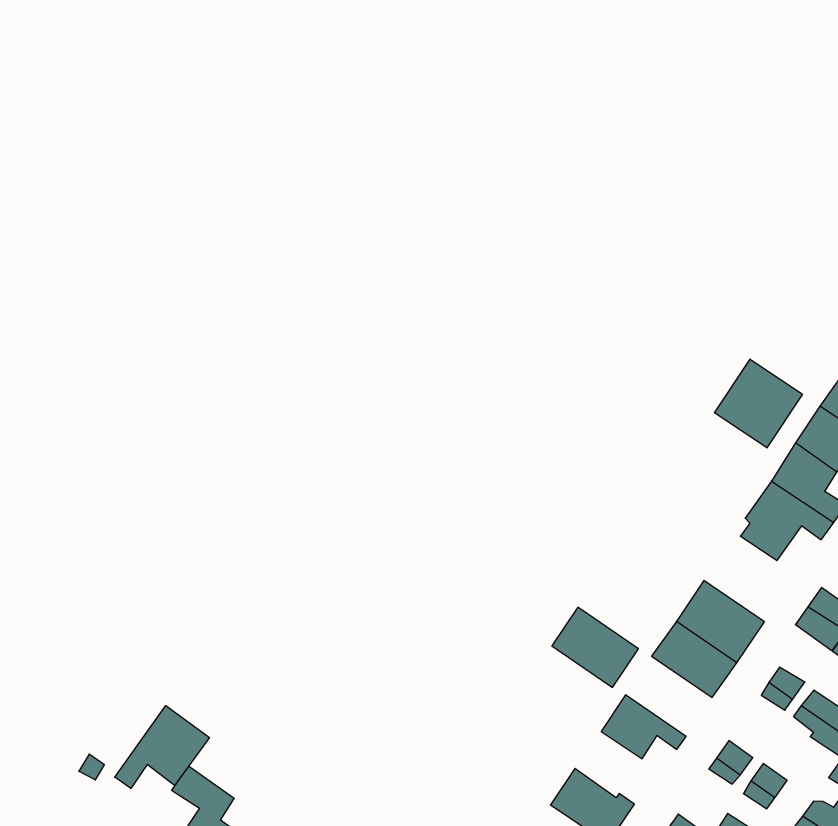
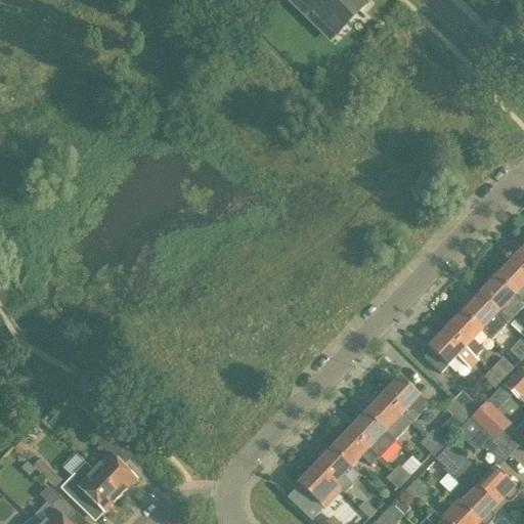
building: [715,359,802,448] -> none
building: [552,607,638,687] -> [347,411,393,457]
building: [115,706,209,788] -> none
building: none -> [313,447,350,484]

